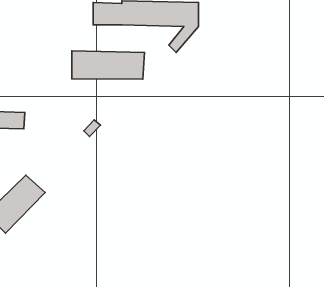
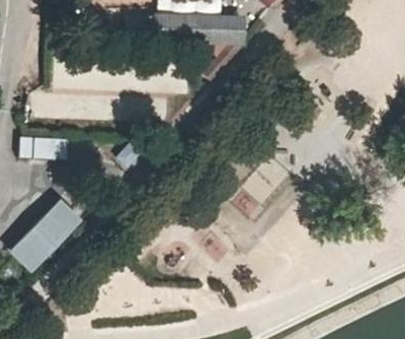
building: [72,51,145,79] -> none

